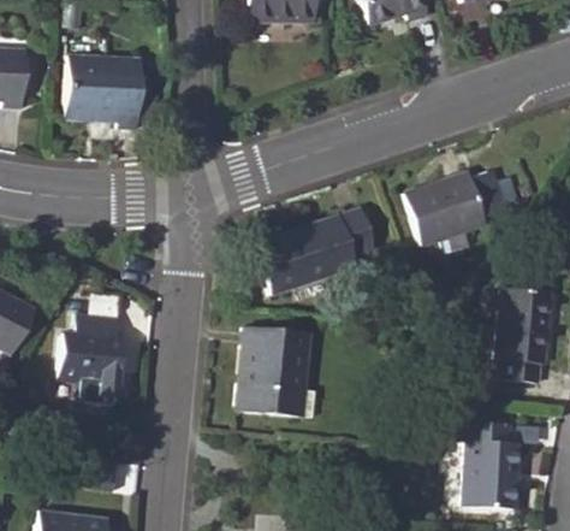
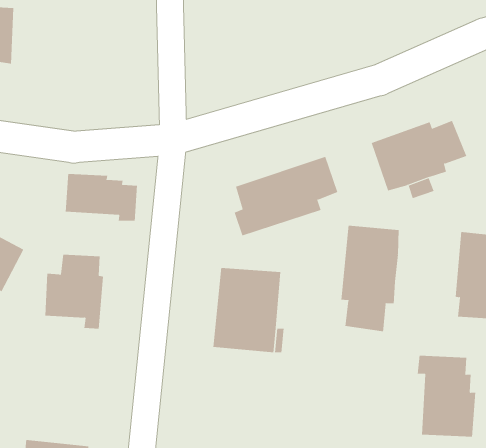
building: [66,54,141,129] -> none
building: none -> [65,173,137,221]
building: none -> [341,225,399,332]

